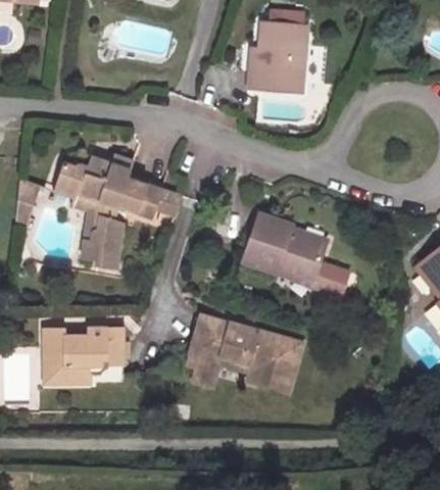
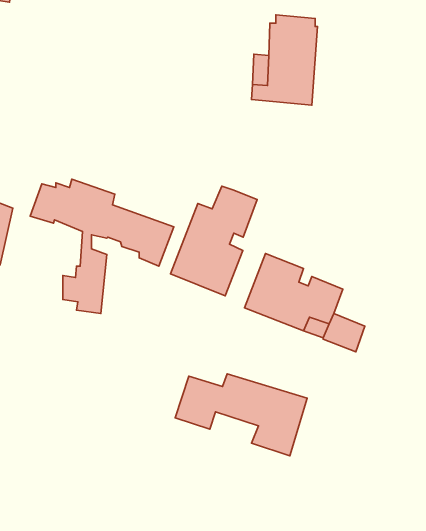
building: none -> [170,186,257,296]
building: [43,335,118,393] -> none

